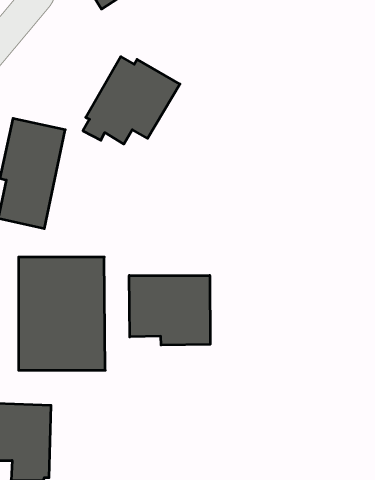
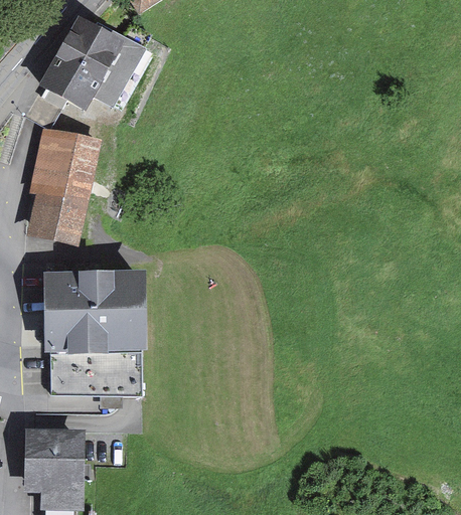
building: [83,57,180,144] -> [41,17,144,110]
building: [129,275,210,345] -> none

